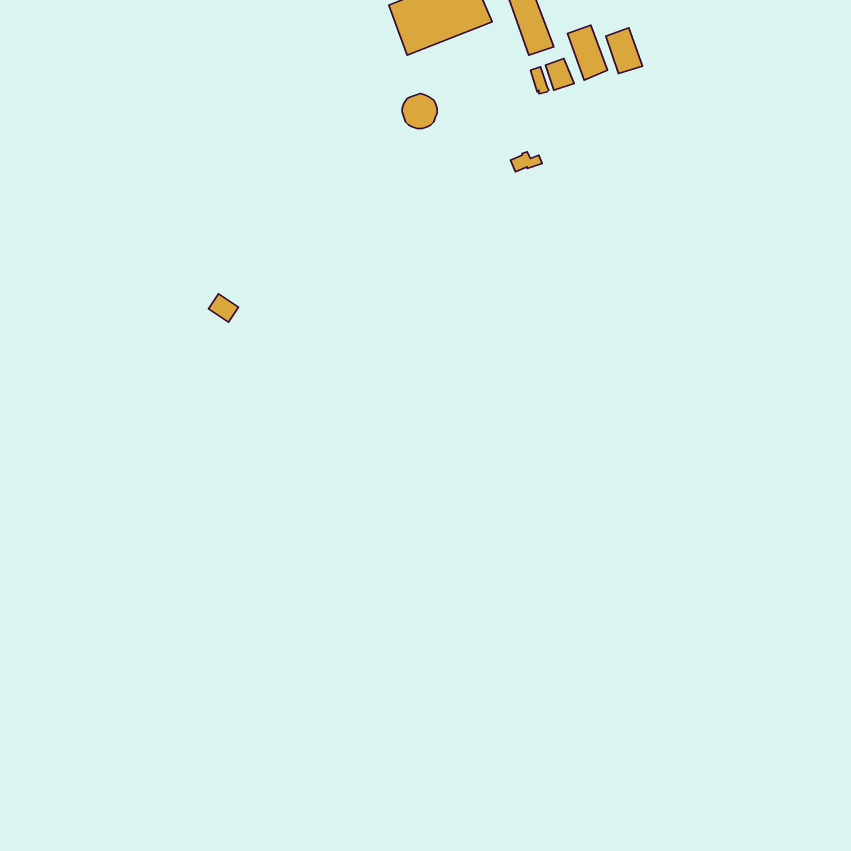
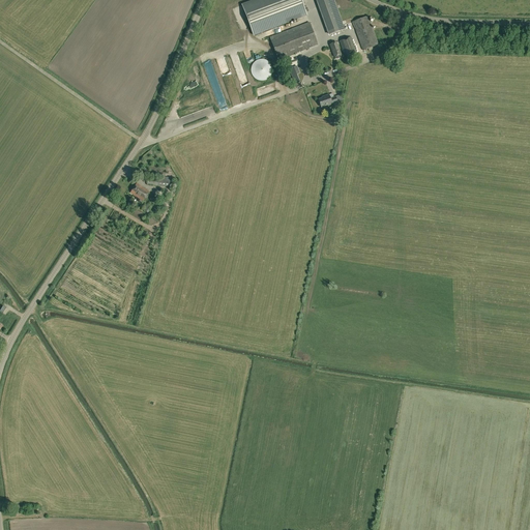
building: [606,28,642,74] -> none
building: none -> [269,22,317,59]

